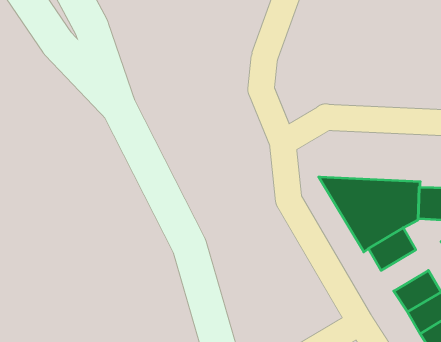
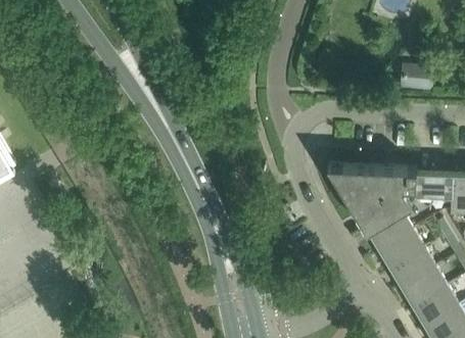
building: none -> [398,65,430,92]
building: none -> [382,230,424,267]

